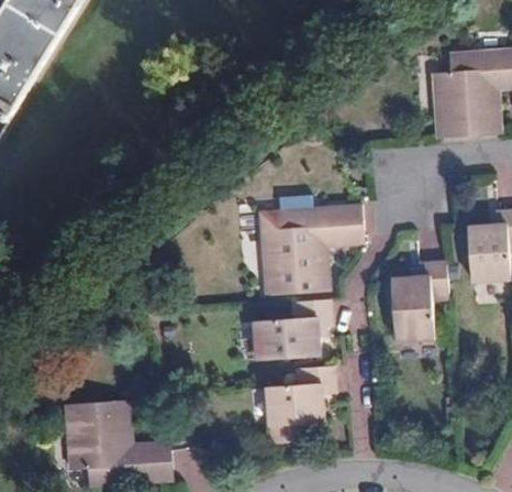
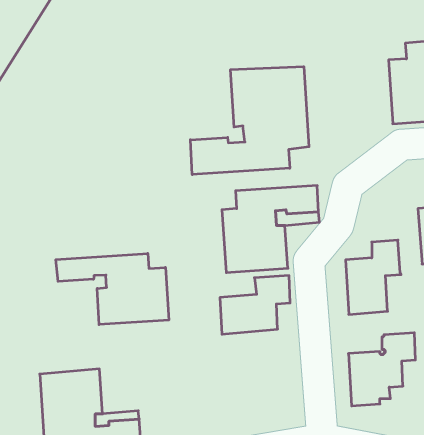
building: none -> [190,67,309,175]
building: none -> [56,253,169,325]
building: [265,365,335,442] -> [348,333,415,406]

